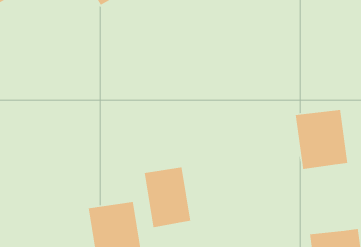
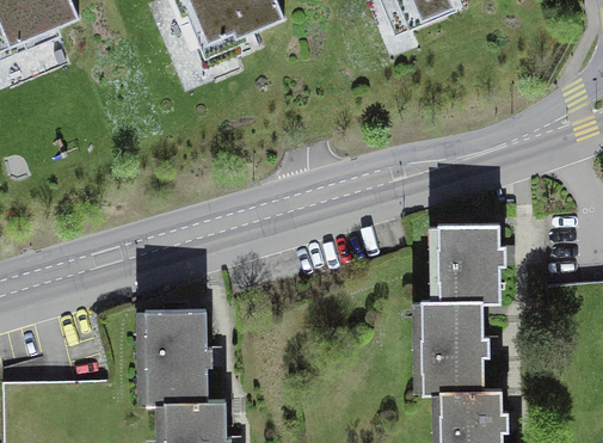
building: none -> [424,303,485,393]
building: [144,166,191,228] -> none

